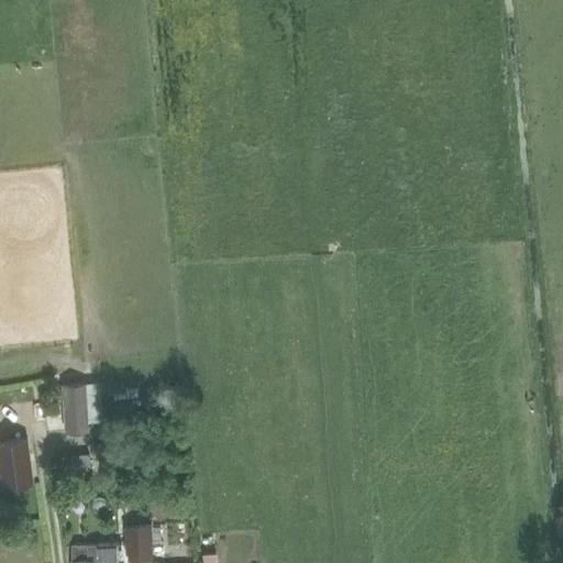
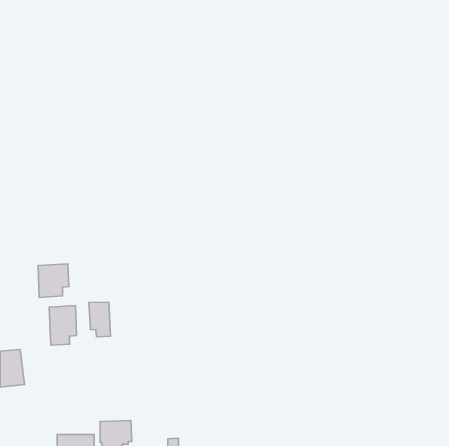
building: none -> [38,264,69,298]
building: none -> [89,302,111,337]

